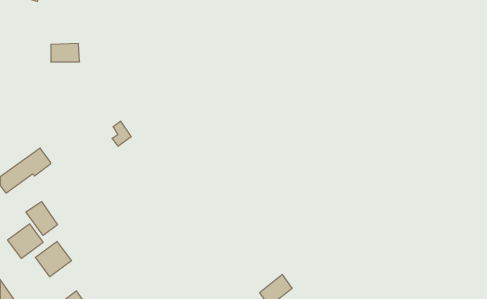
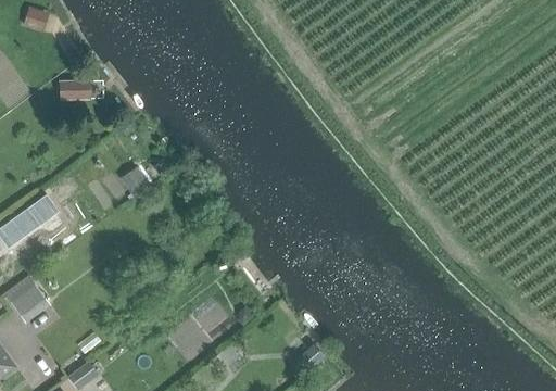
building: [26,202,58,235] -> none
building: [35,241,71,277] -> none

